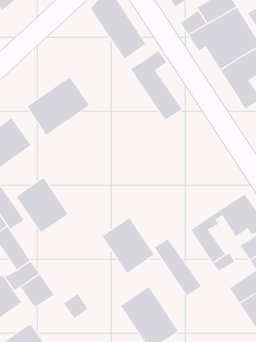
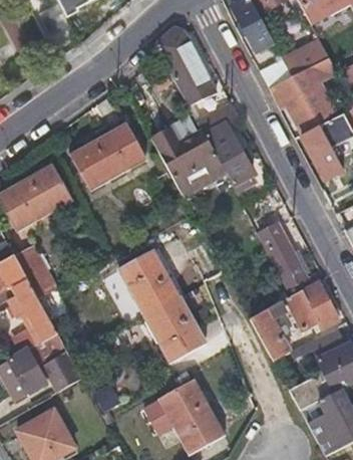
building: none -> [151,127,224,194]
building: [16,177,69,233] -> [119,250,180,315]
building: [154,238,202,296] -> [259,224,311,294]

